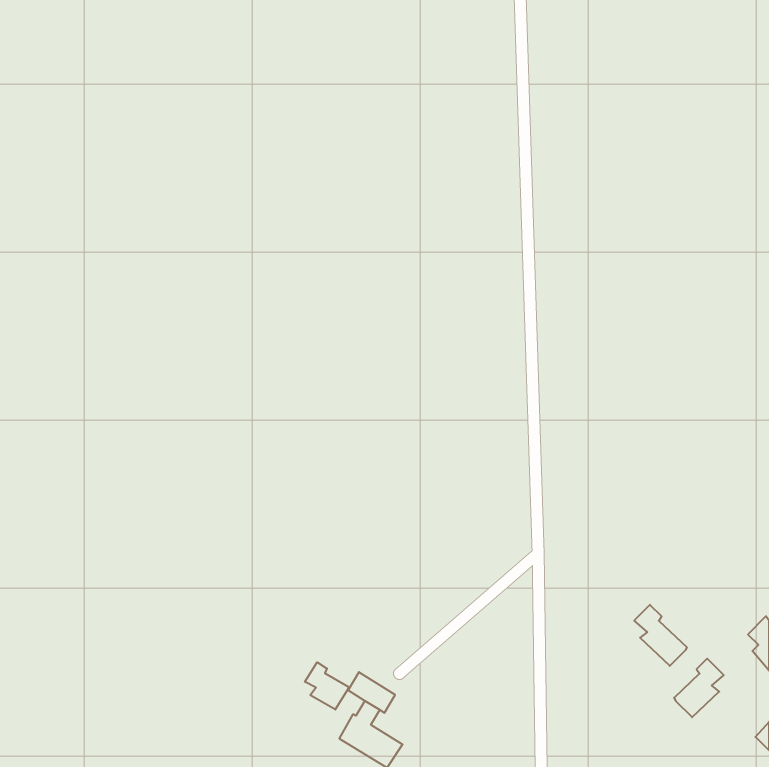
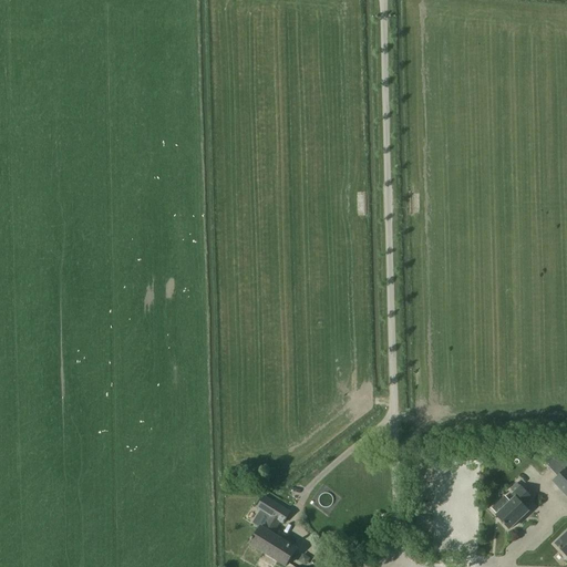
building: [634,605,687,666] -> none
building: [305,662,348,710] -> none

